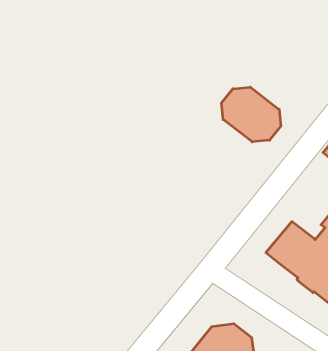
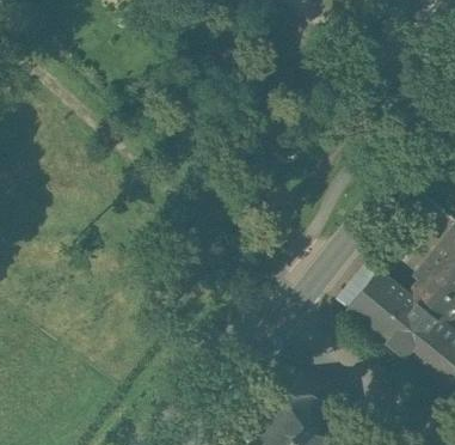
building: [222,87,281,142] -> none

